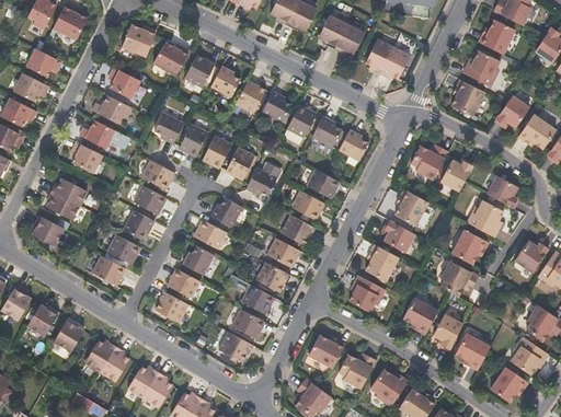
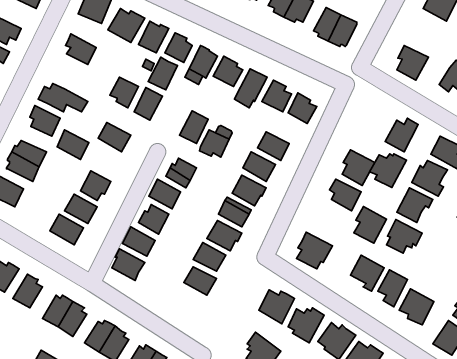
building: [463,50,500,86] -> none
building: [91,94,130,123] -> none
building: [202,136,232,170] -> [148,57,178,90]
building: [410,143,448,178] -> [370,154,407,188]
building: [134,185,167,216] -> [57,130,89,159]
building: [364,243,398,281] -> [354,206,387,243]
building: [217,332,252,363] -> none

